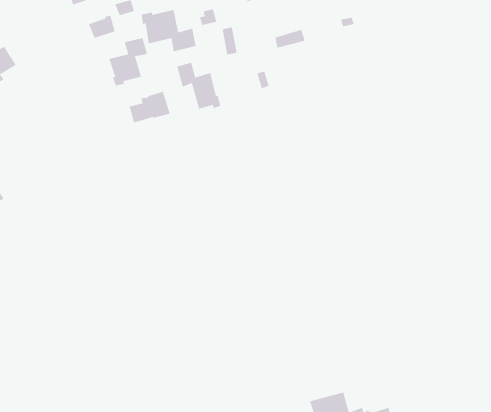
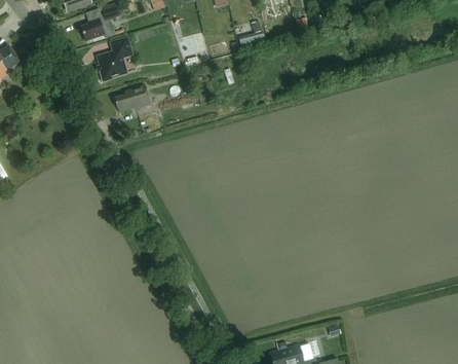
building: [141,9,196,52] -> none
building: [177,62,221,110] -> none

